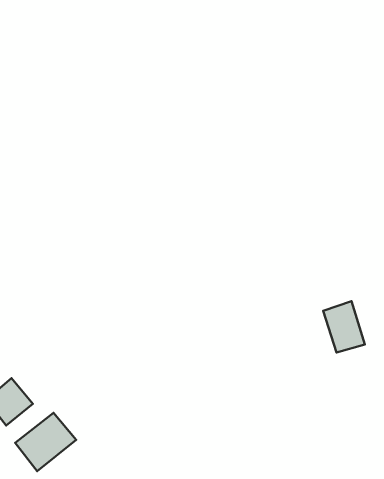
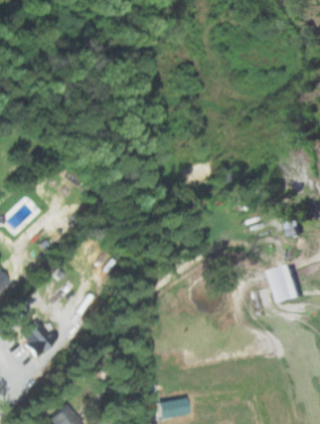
building: [15,413,76,471] -> none

